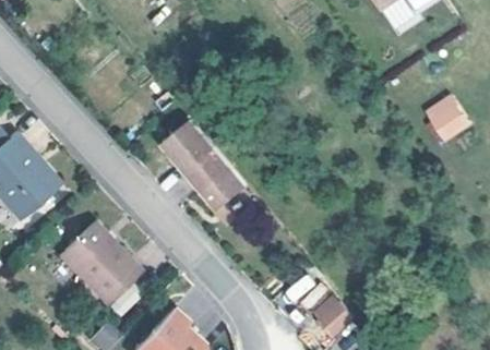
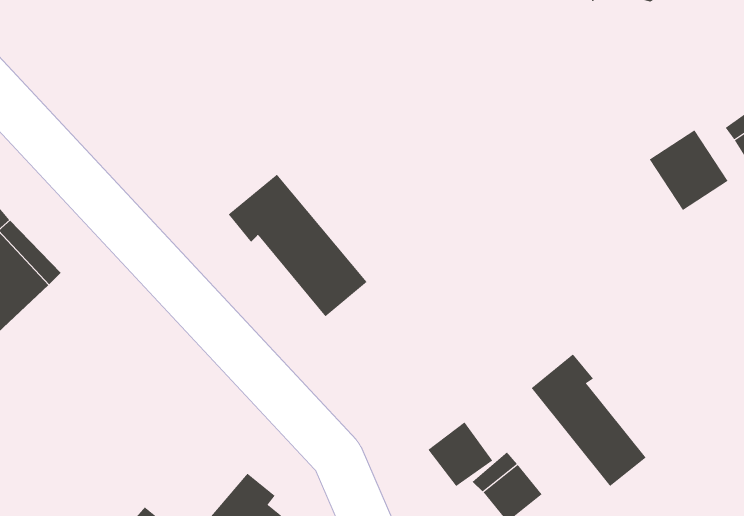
building: [56,219,143,306] -> none
building: none -> [531,354,647,487]

